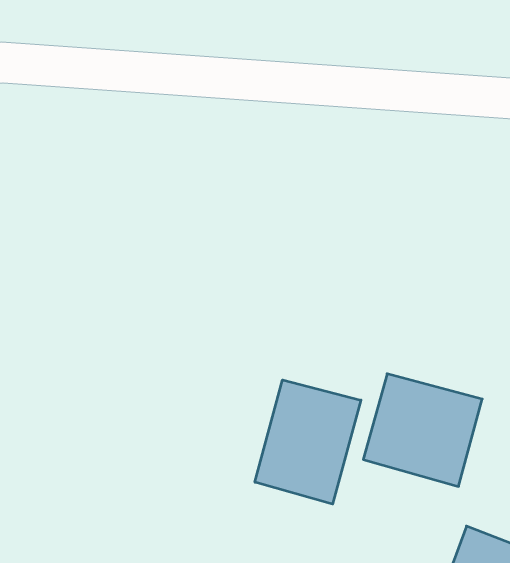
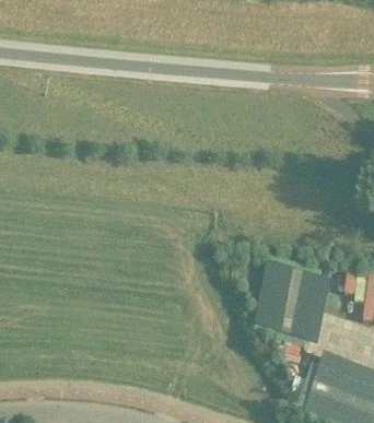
building: [255,380,361,504] -> none

